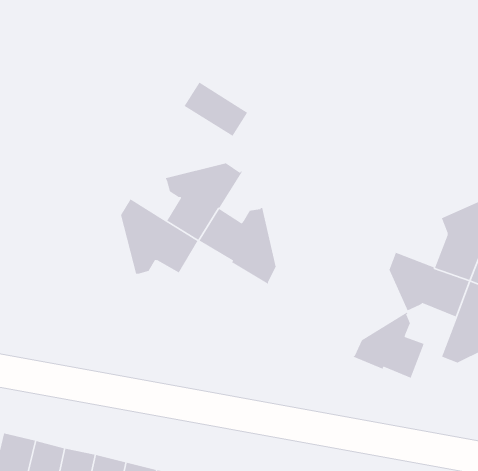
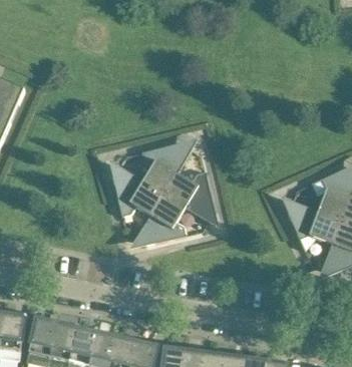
building: [184,82,248,137] -> none
building: none -> [135,193,187,244]
building: [352,311,424,379] -> none

